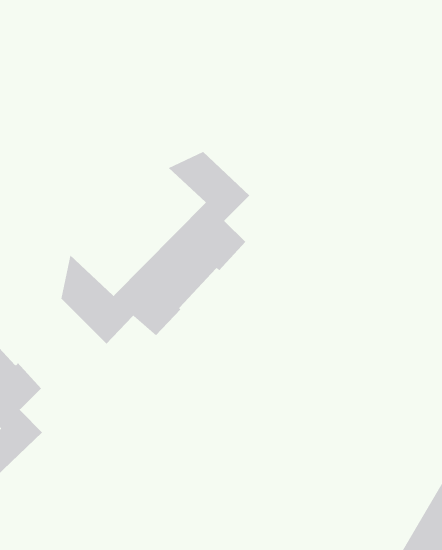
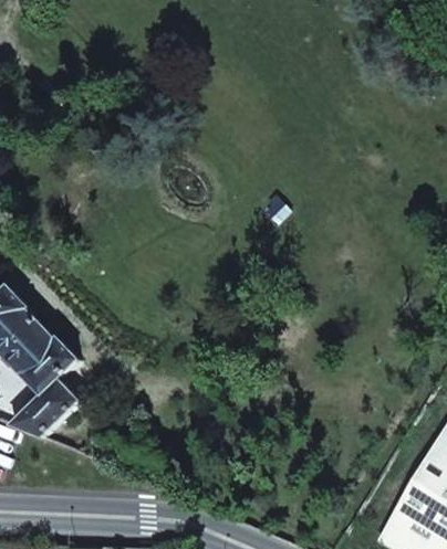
building: [61,151,250,345] -> none

